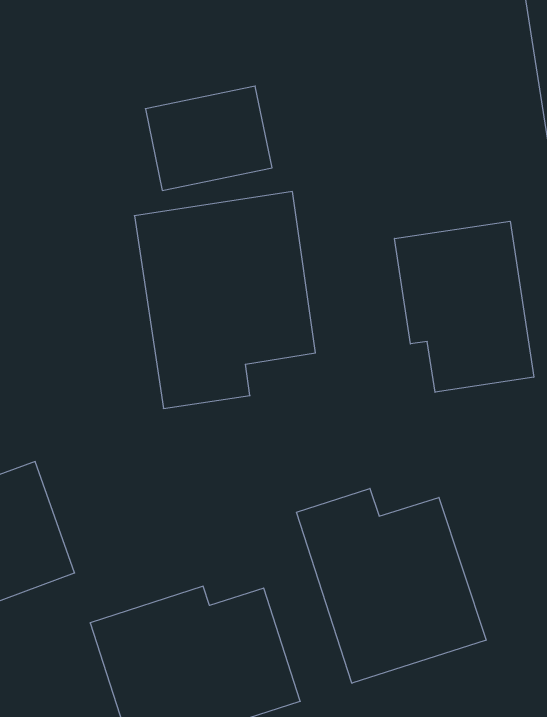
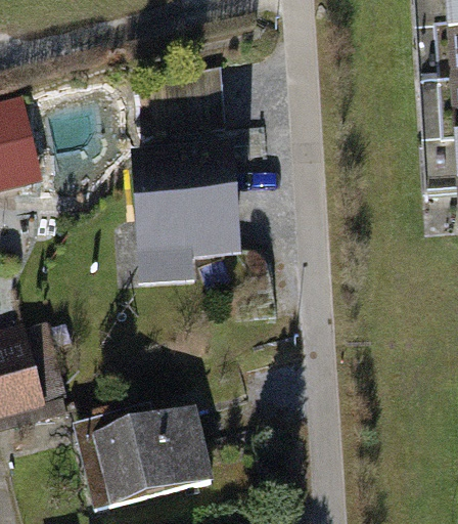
building: [395,221,534,392] -> none
building: [297,488,486,683] -> none

